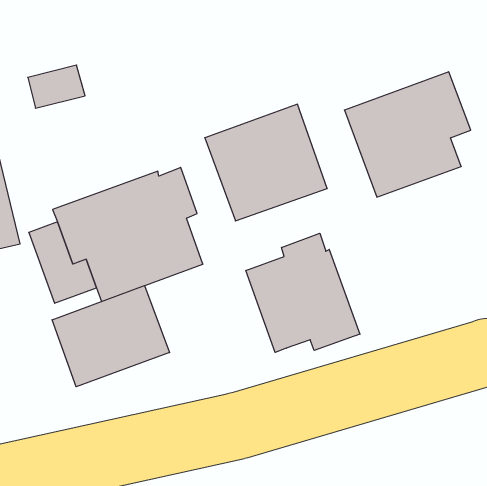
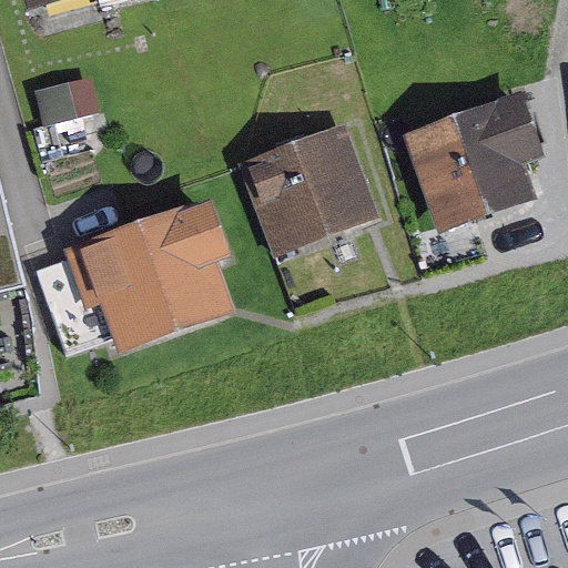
building: [246,233,360,352] -> none
building: [52,286,170,387] -> none

